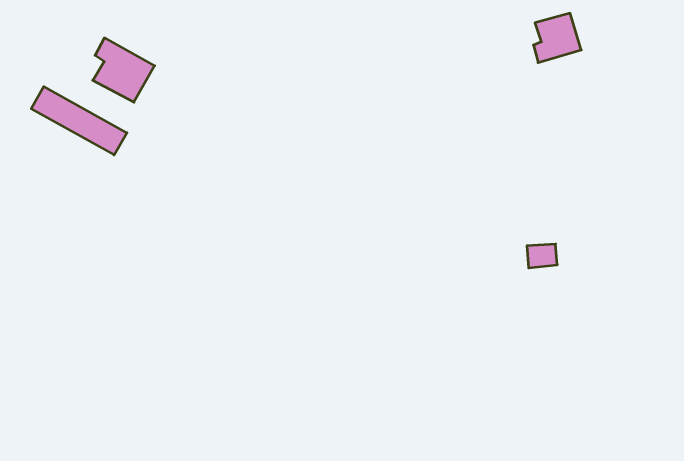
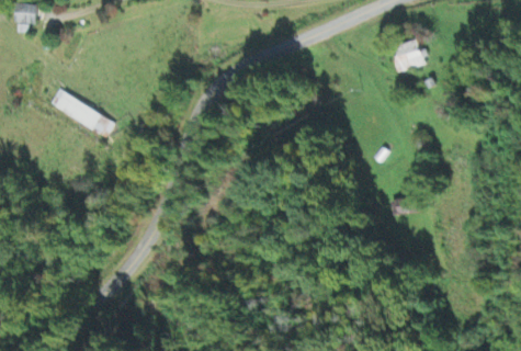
building: [93,38,155,102] -> none

